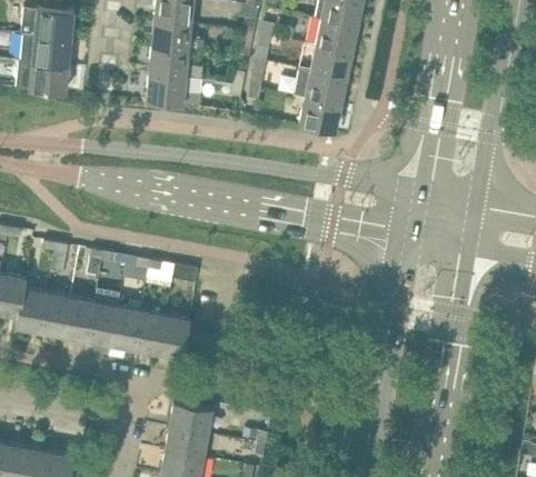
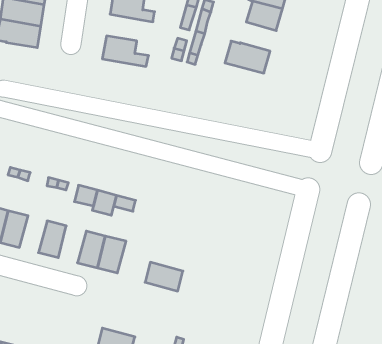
building: [310,46,353,79] -> none
building: [149,48,204,81] -> none
building: [299,99,341,133] -> none
building: [62,298,93,341] -> none
building: [110,307,141,350] -> none
building: [169,403,214,435] -> [145,262,183,291]

